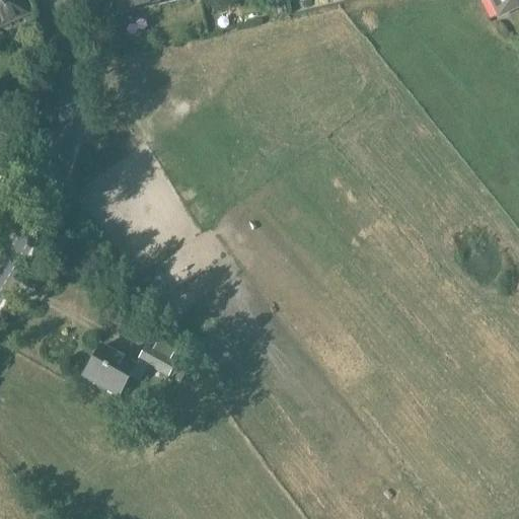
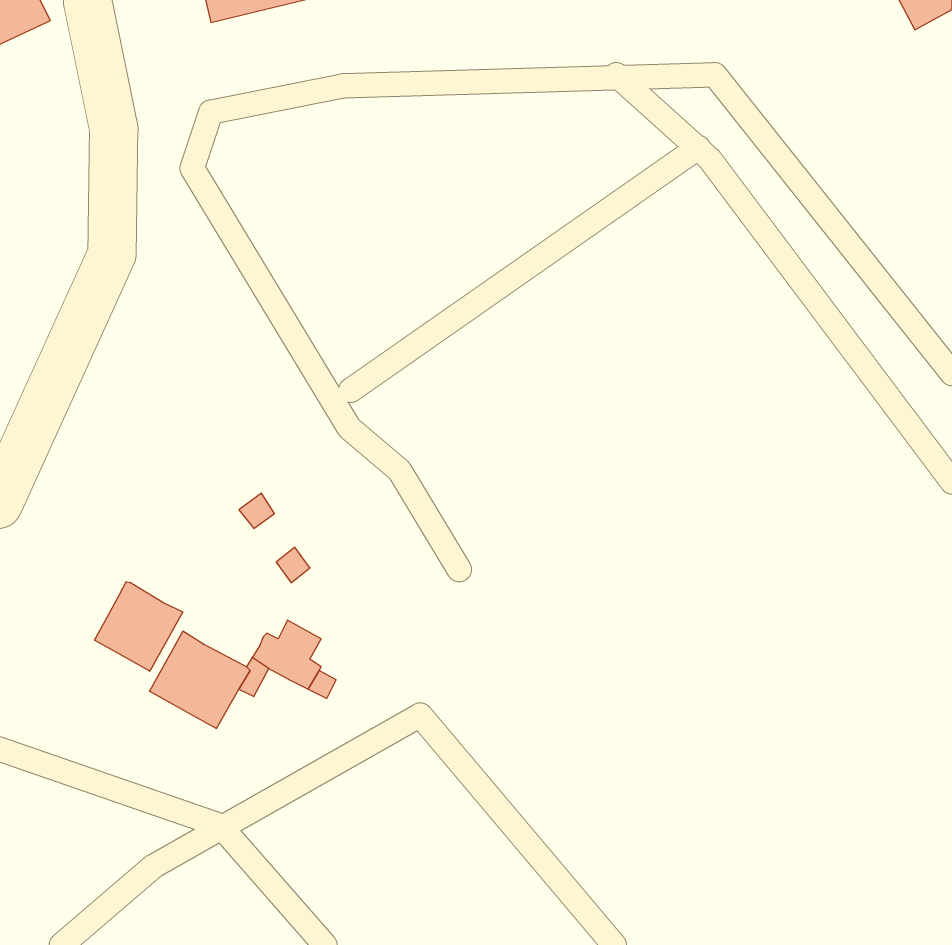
building: none -> [94,582,183,671]

